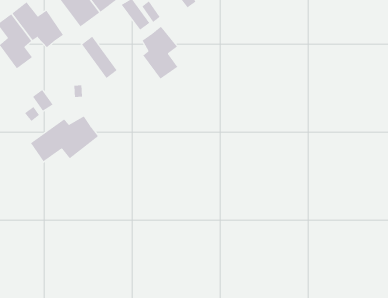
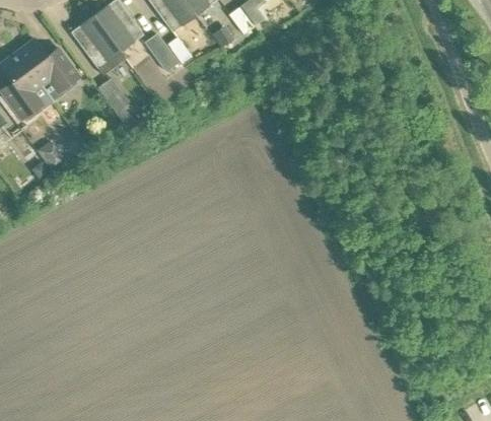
building: [142,26,178,80] -> none
building: [30,116,99,162] -> none

